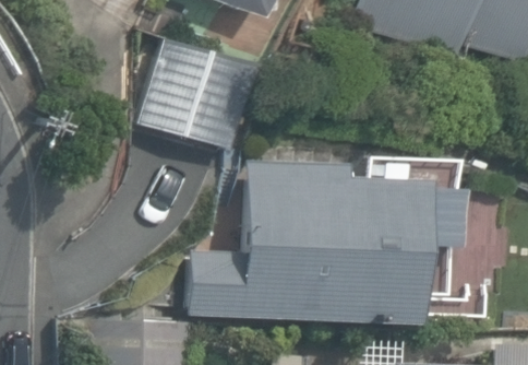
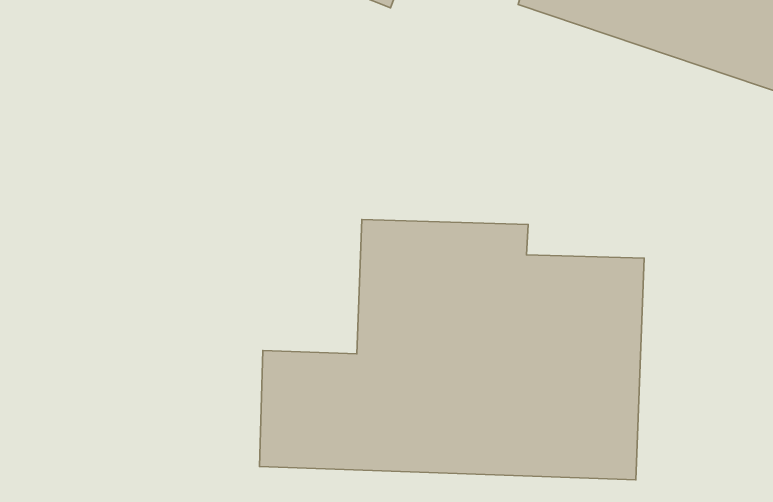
building: [139,34,254,148] -> none

